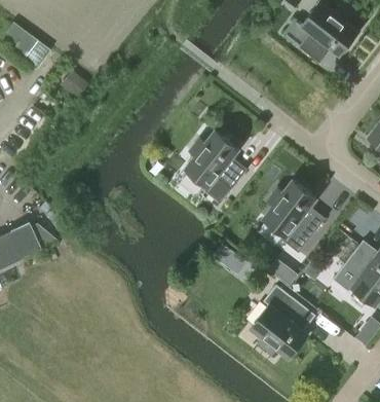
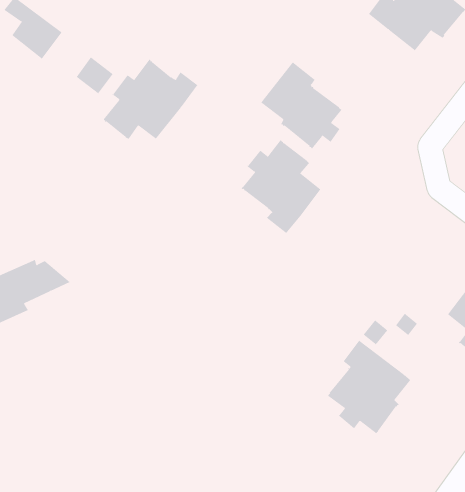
building: none -> [102,59,198,141]
building: none -> [261,61,343,150]
building: [263,180,325,253] -> none

